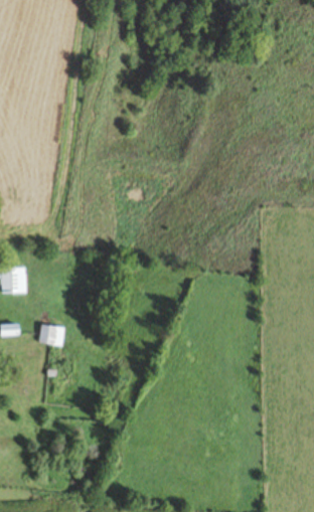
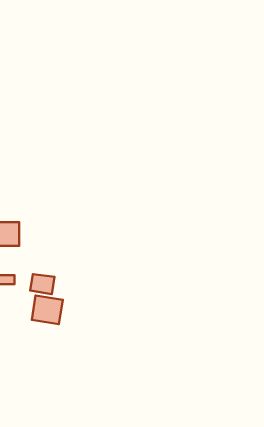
building: none -> [32,295,63,324]

